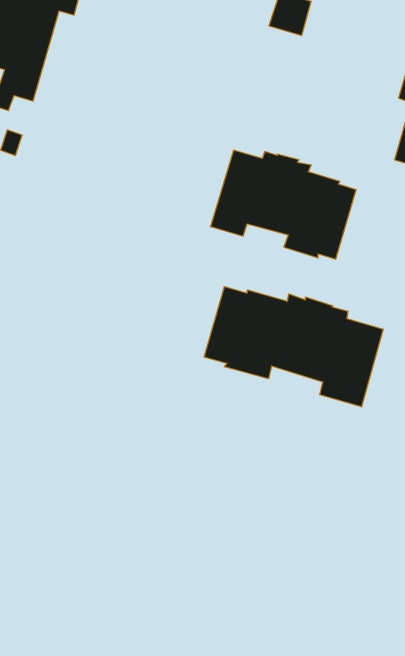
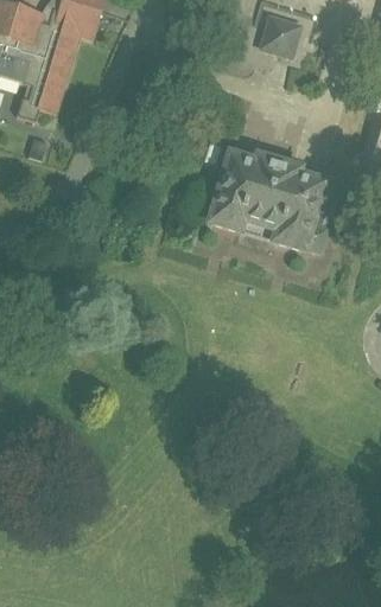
building: [204,287,383,407] -> none

